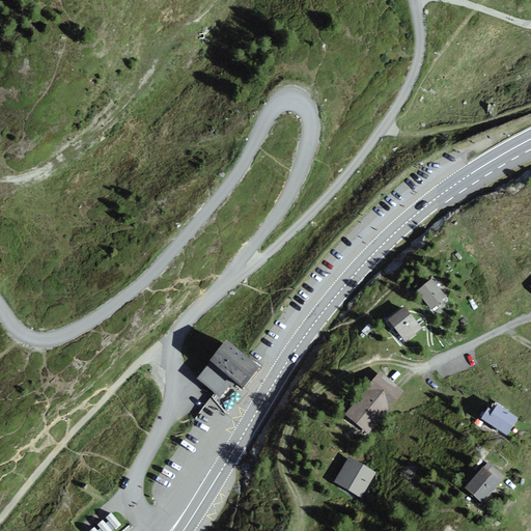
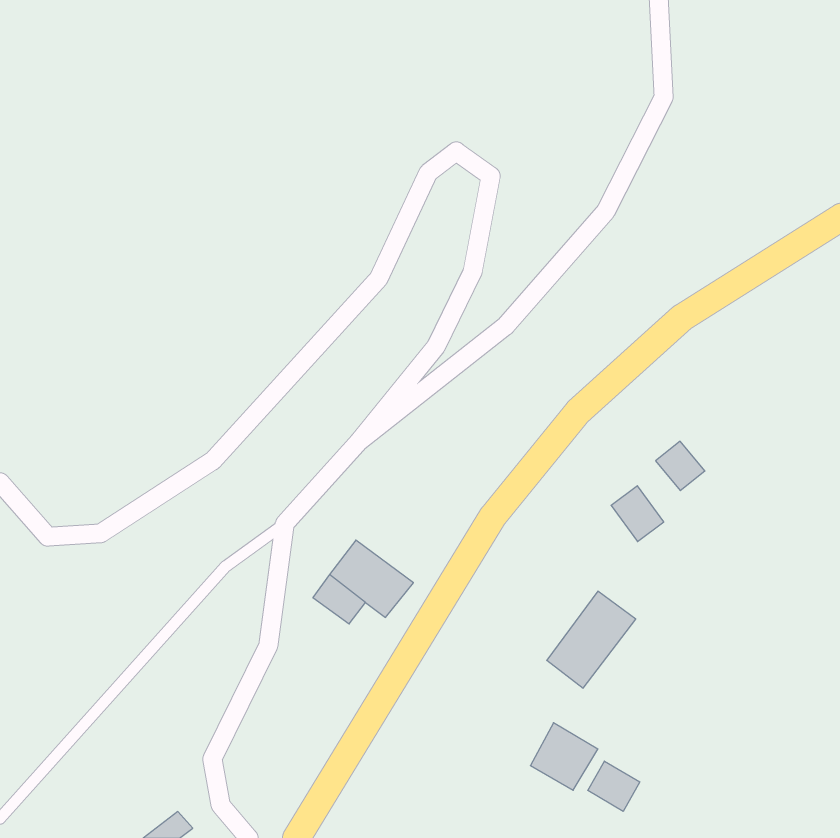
building: [483,403,516,435] -> none
building: [464,464,501,502] -> none
building: none -> [588,761,640,811]

